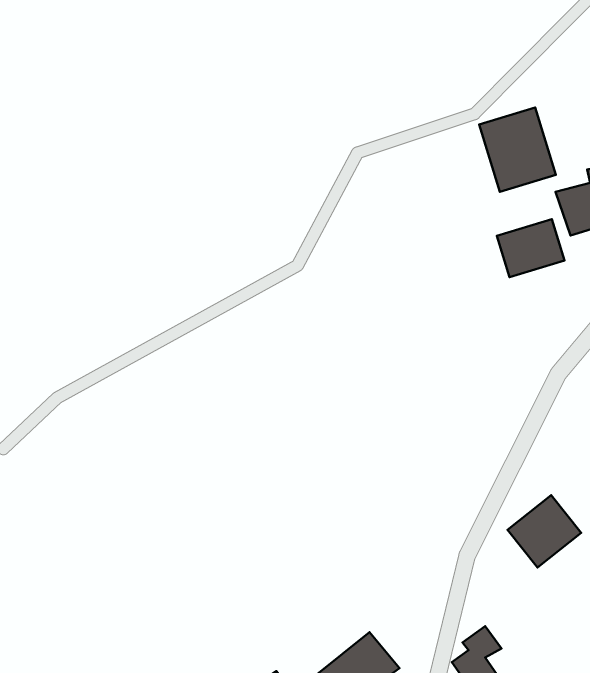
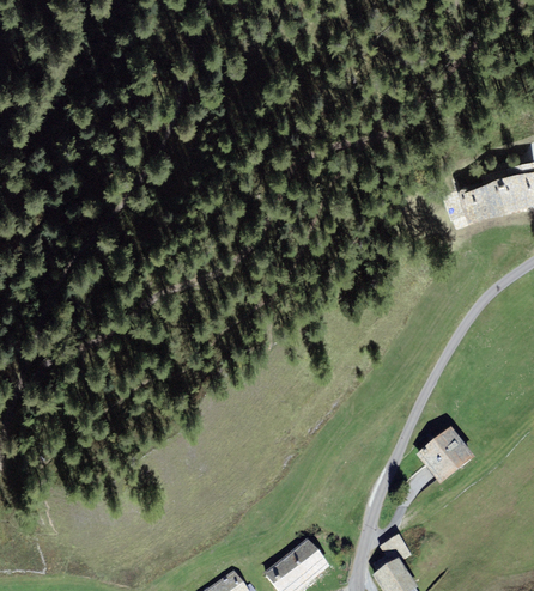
building: [479,107,556,192] -> none
building: [497,219,564,277] -> none

